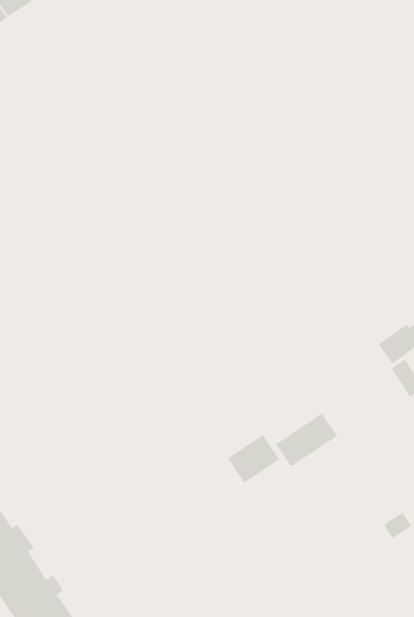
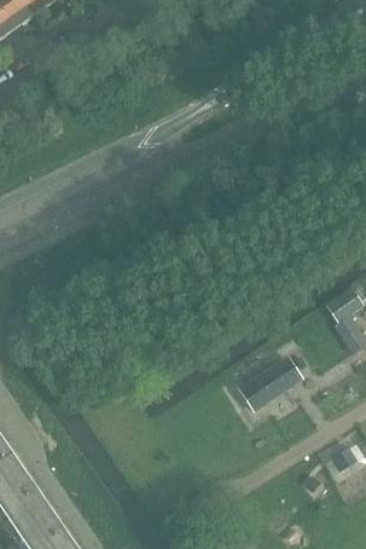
building: [227,434,280,484] -> none

